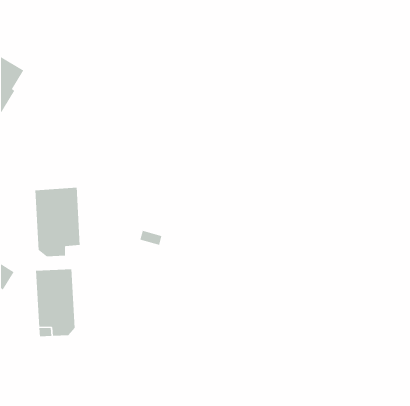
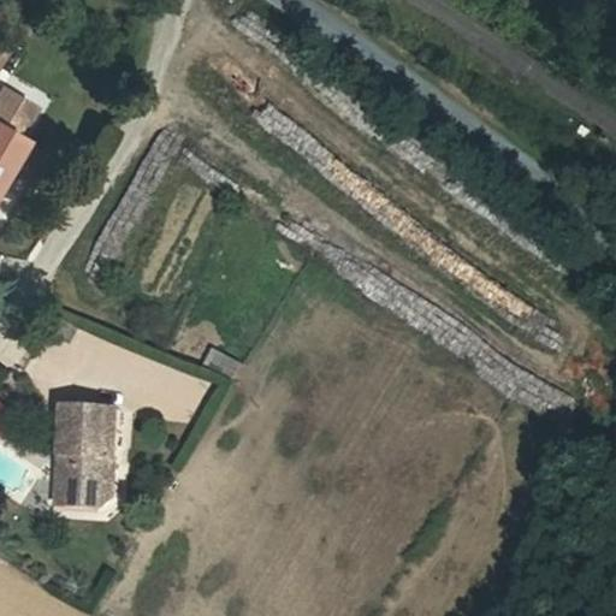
building: [35,187,80,257] -> none

